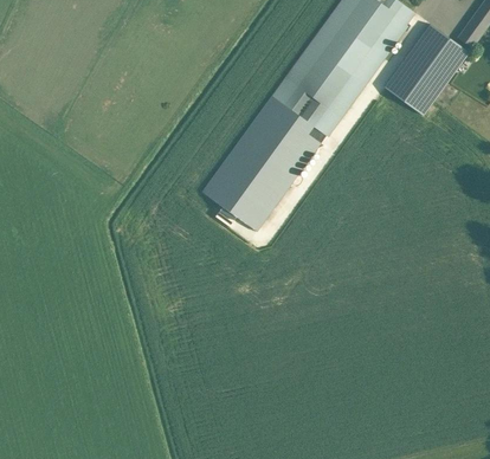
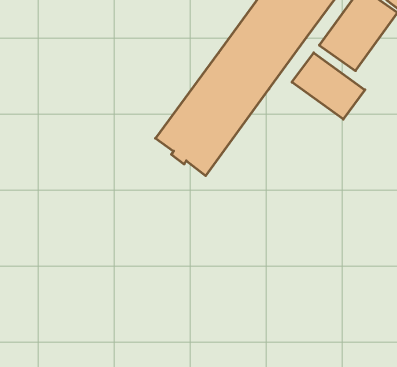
building: none -> [292,53,365,119]

